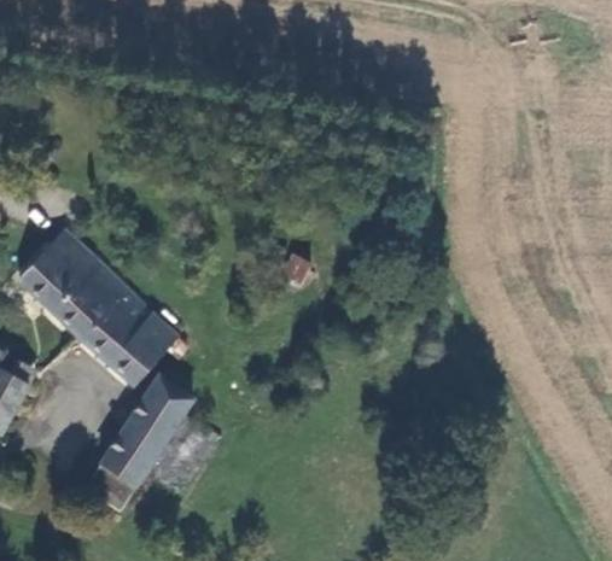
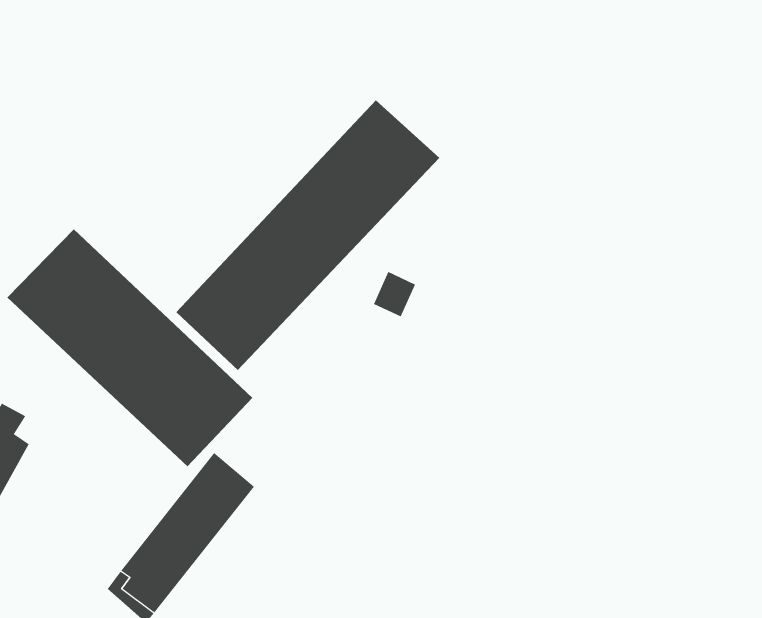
building: none -> [175,100,440,371]

